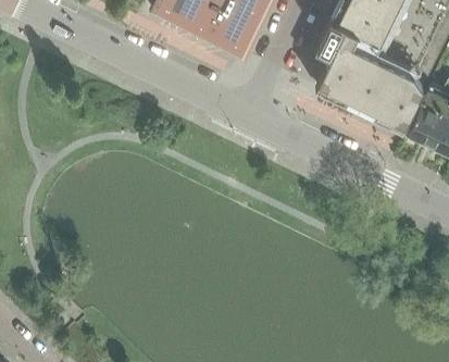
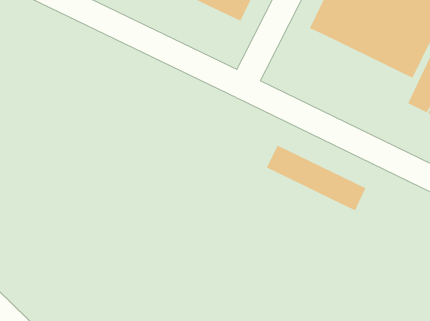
building: [313,67,411,133] -> [266,144,367,211]

